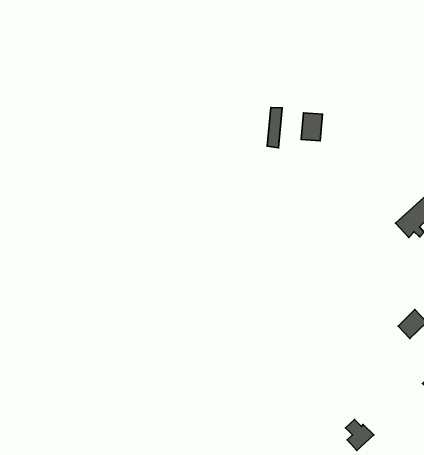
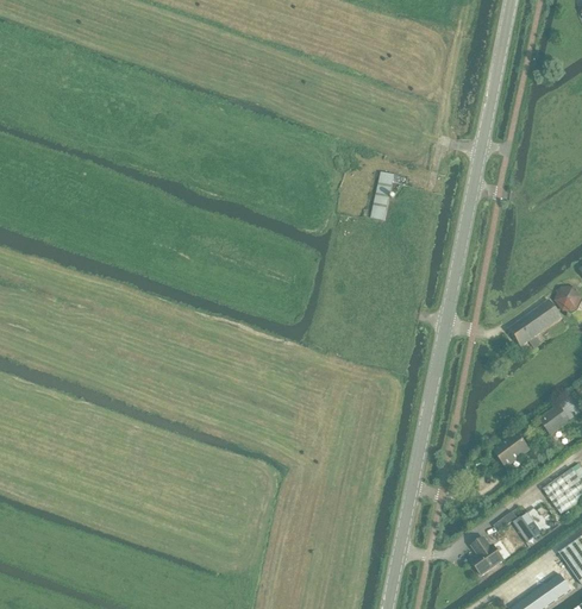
building: [301,113,322,141] -> none
building: [346,420,374,451] -> [471,538,503,575]

